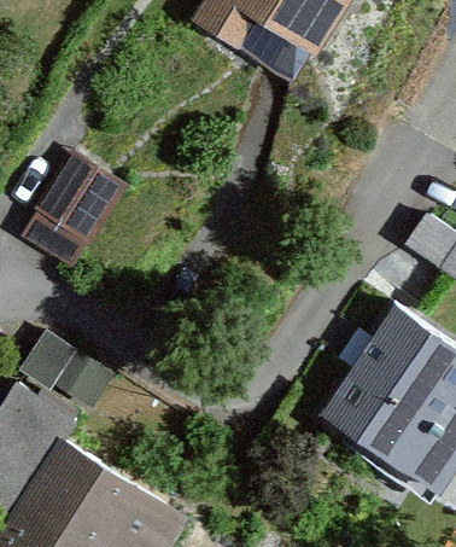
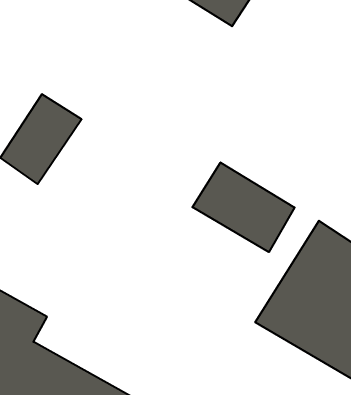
building: none -> [192,162,295,252]

